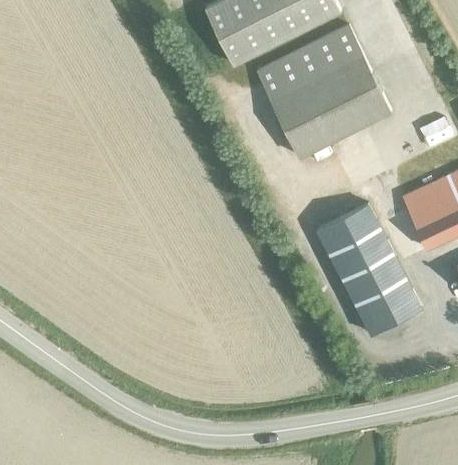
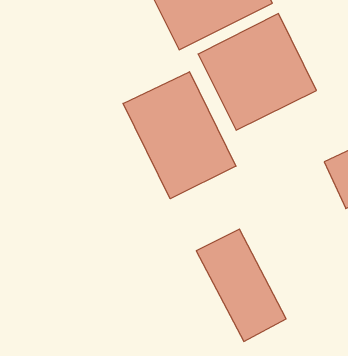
building: none -> [123,72,236,199]
building: [317,205,421,335] -> [196,229,286,341]

